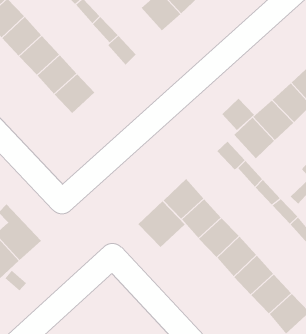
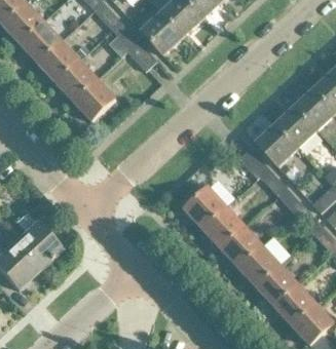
building: none -> [141,12,183,54]
building: [221,98,255,131] -> none
building: [138,201,185,248] -> none

